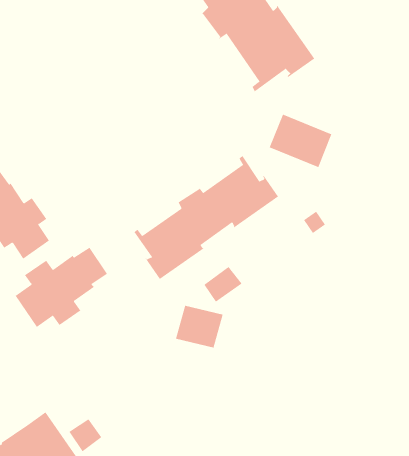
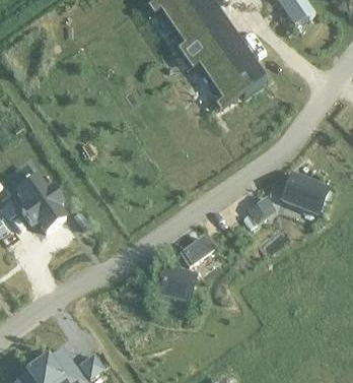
building: [269,114,332,168] -> [281,173,329,213]
building: [134,155,279,280] -> none
building: [15,247,108,328] -> none

